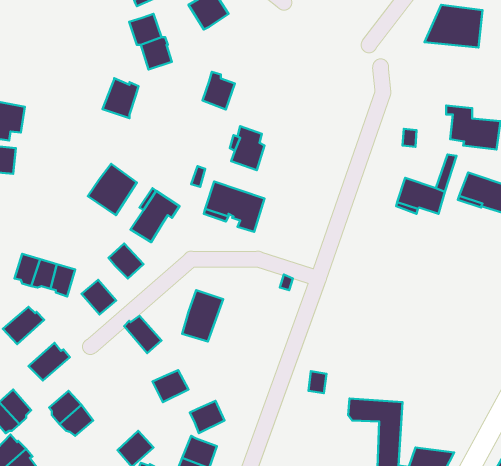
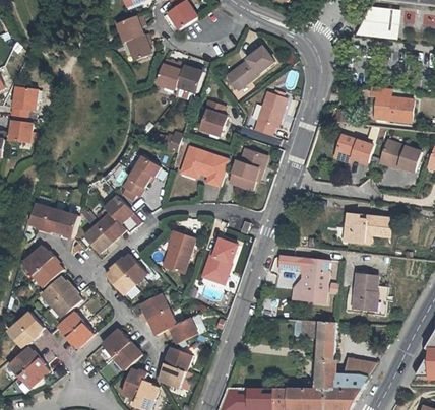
building: none -> [228,48,275,87]
building: [102,78,139,118] -> [158,55,186,86]
building: none -> [252,92,285,136]
building: [88,164,137,215] -> none
building: none -> [229,148,267,190]
building: none -> [97,213,125,241]
building: none -> [347,213,391,241]
building: none -> [199,241,236,286]
building: none -> [281,254,330,302]
building: none -> [33,256,62,286]
building: none -> [106,261,135,293]
building: none -> [354,272,378,310]
building: none -> [53,285,81,315]
building: none -> [147,311,175,336]
building: none -> [100,330,128,358]

